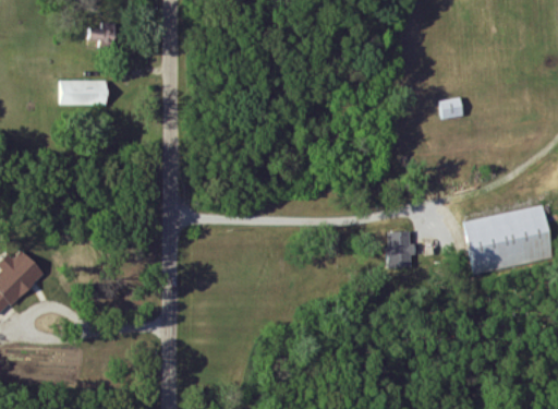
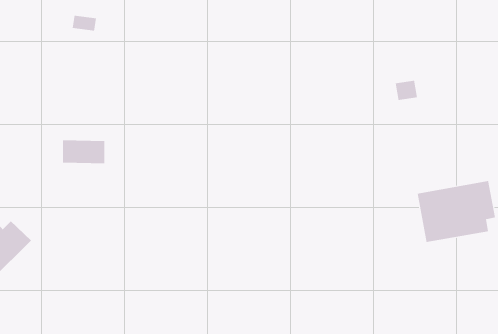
building: [60,80,107,106] -> [62,140,105,164]
building: [387,230,412,267] -> none

